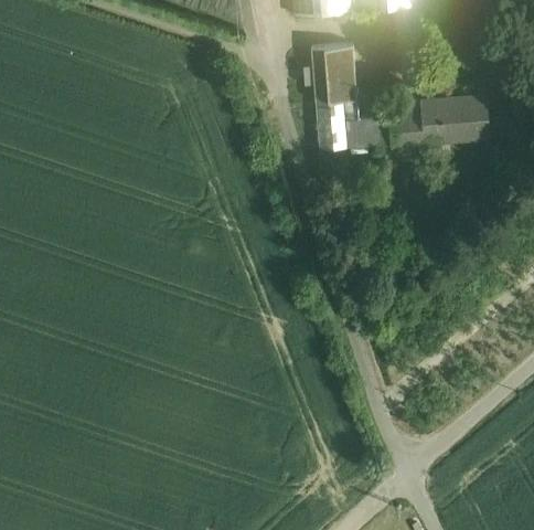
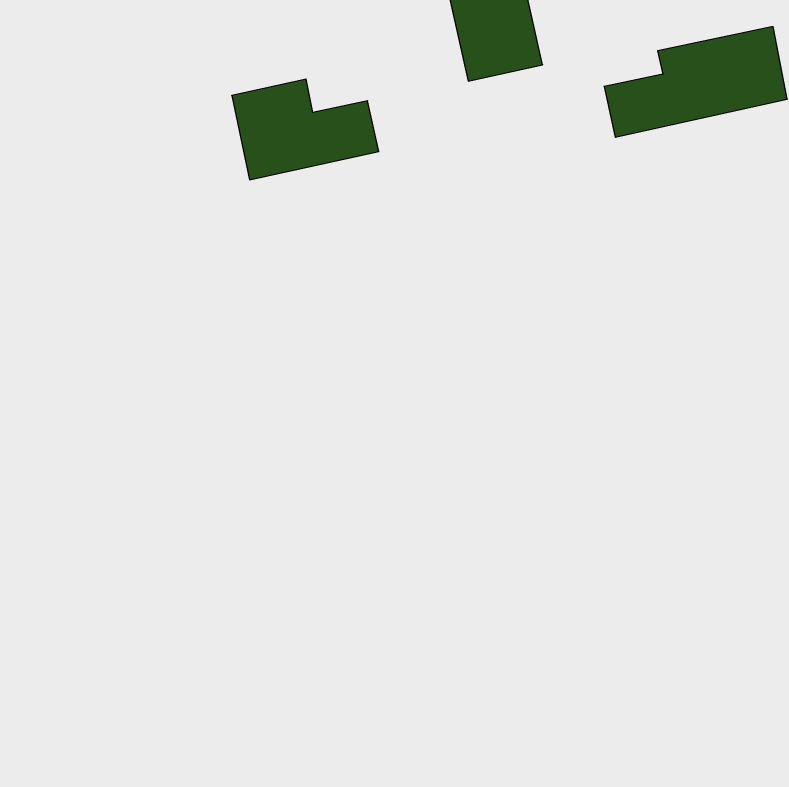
building: [316,99,392,150] -> [232,79,379,180]

